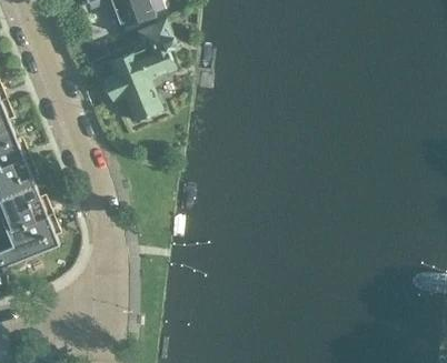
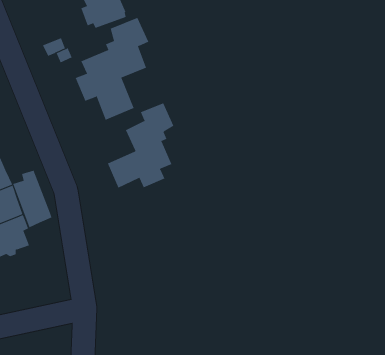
building: none -> [107,102,174,189]
building: none -> [13,170,52,228]

